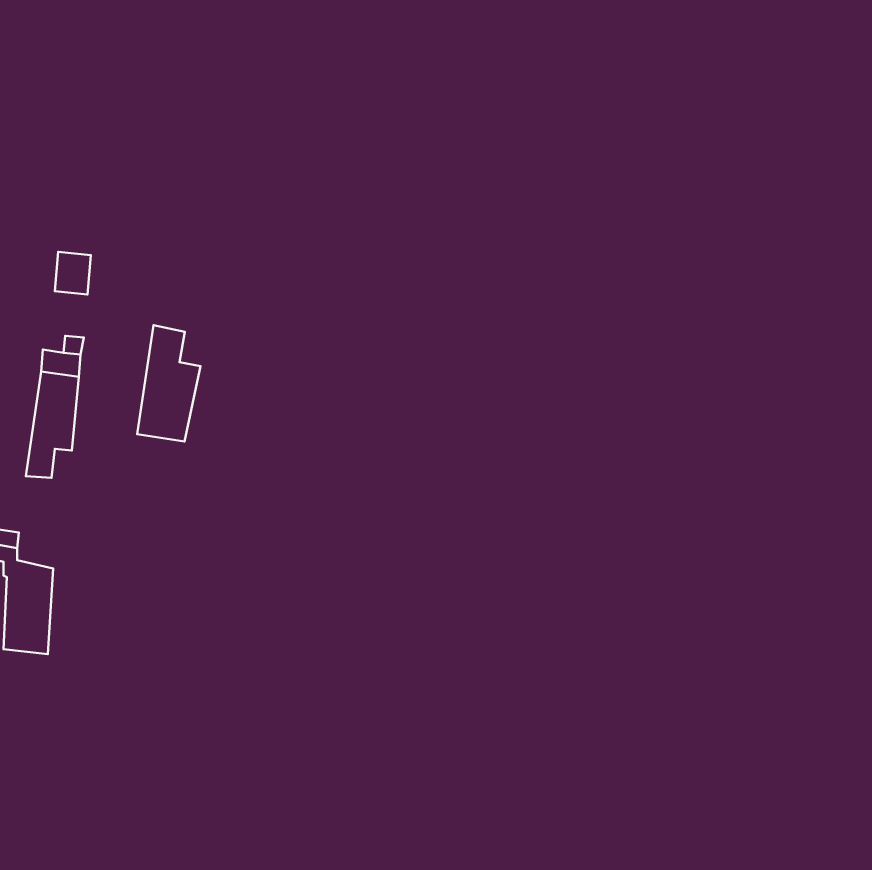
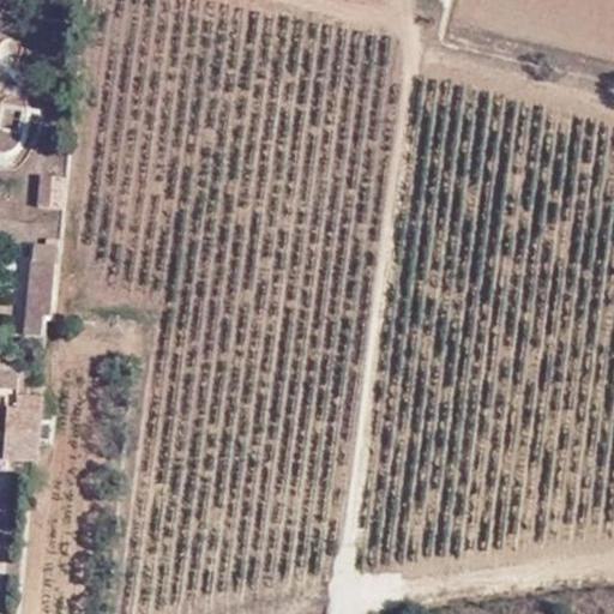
building: [137,325,201,442] -> none

